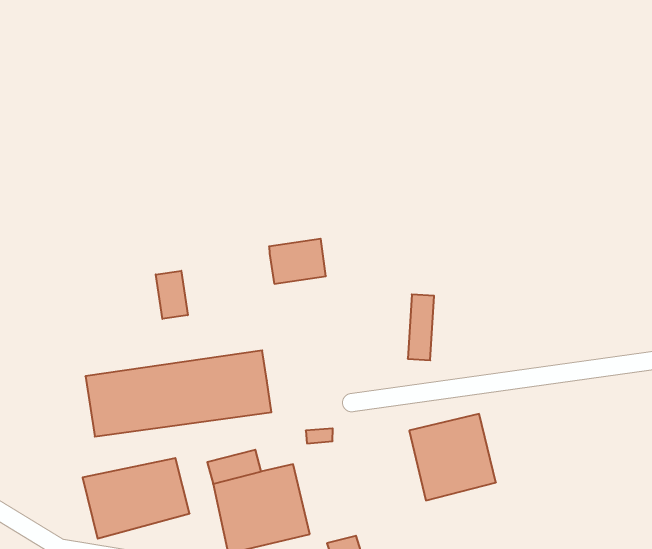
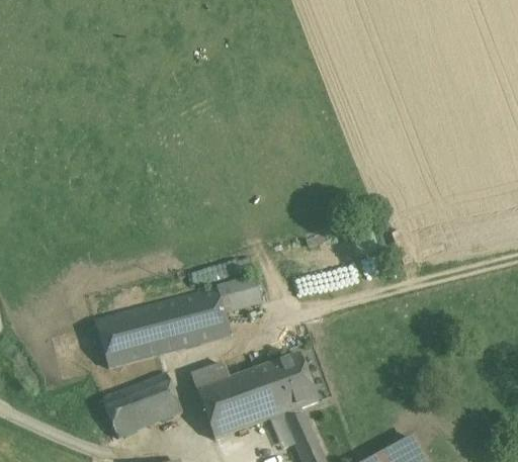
building: [269,239,326,284] -> [219,274,262,310]
building: [156,271,188,319] -> none
building: [409,414,496,500] -> [252,350,319,417]

